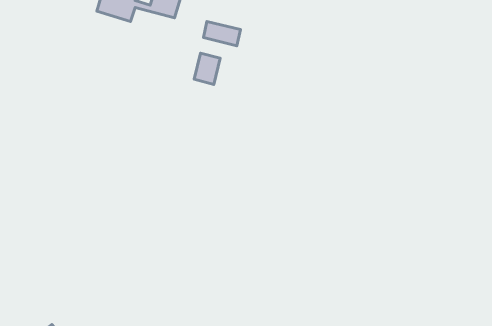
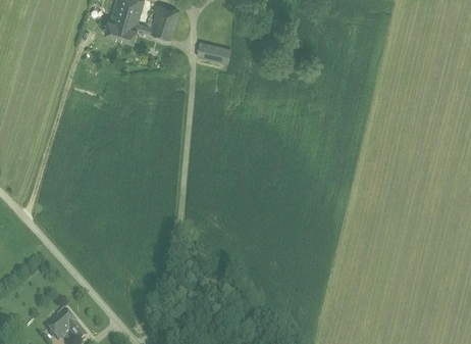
building: [194,53,220,84] -> none

